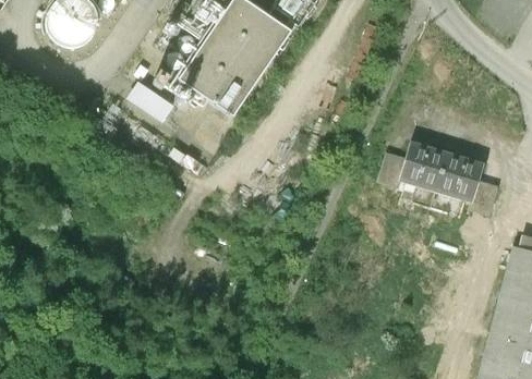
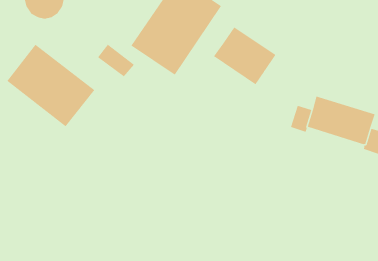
building: none -> [213,26,276,85]
building: none -> [7,44,95,127]

